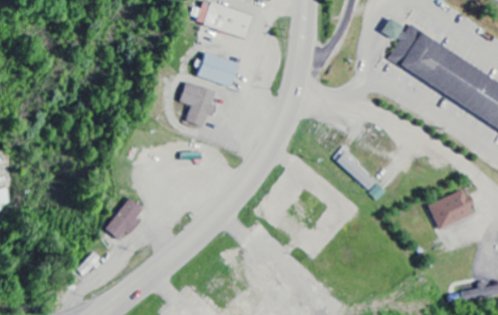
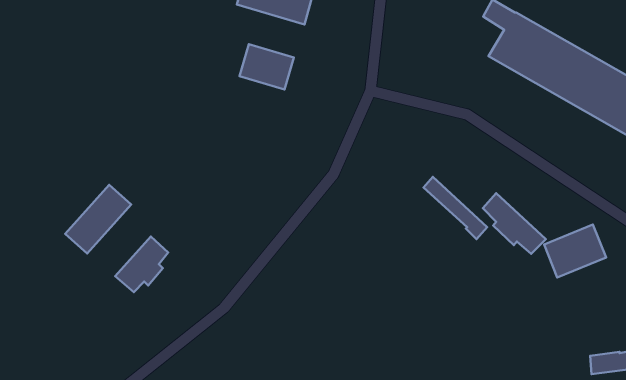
building: [180,81,217,126] -> none
building: none -> [65,185,131,253]
building: none -> [483,193,546,254]

